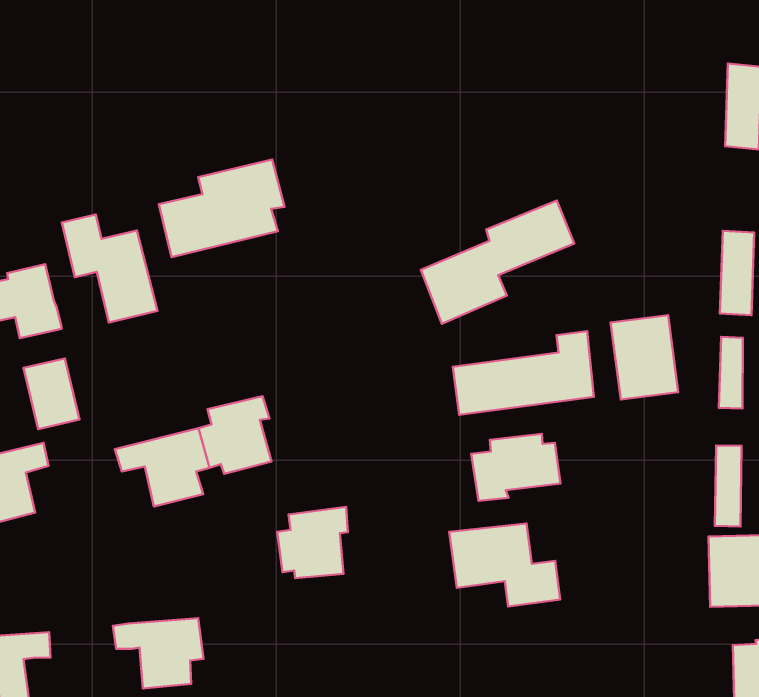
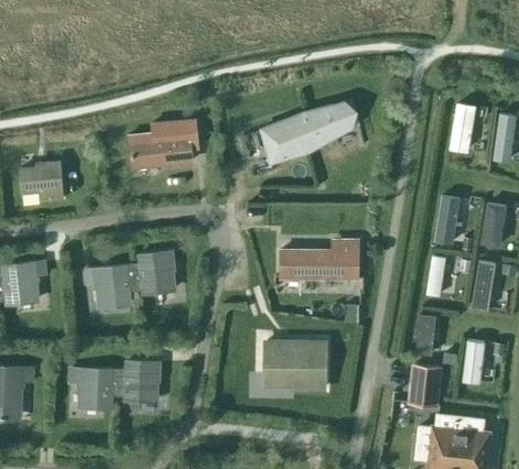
building: [421,201,574,324] -> [263,101,352,162]
building: [62,215,158,322] -> none
building: [611,315,678,399] -> none
building: [24,358,79,429] -> none
building: [471,434,560,501] -> none
building: [277,507,348,578] -> [119,363,160,401]

